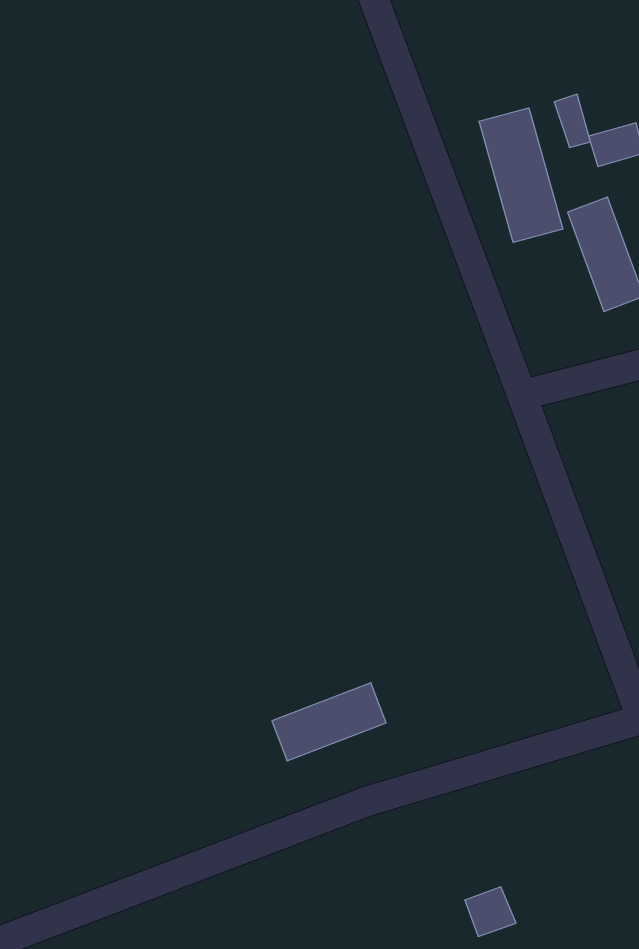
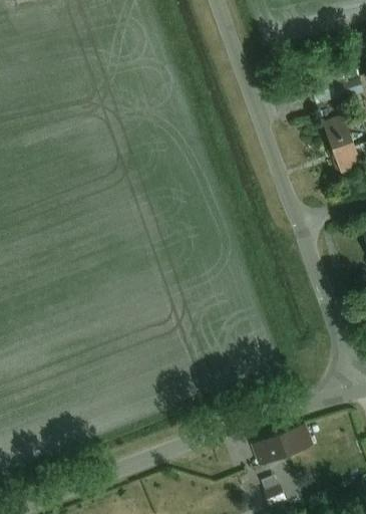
building: [479,108,563,242] -> none
building: [272,683,386,761] -> [253,425,313,466]

